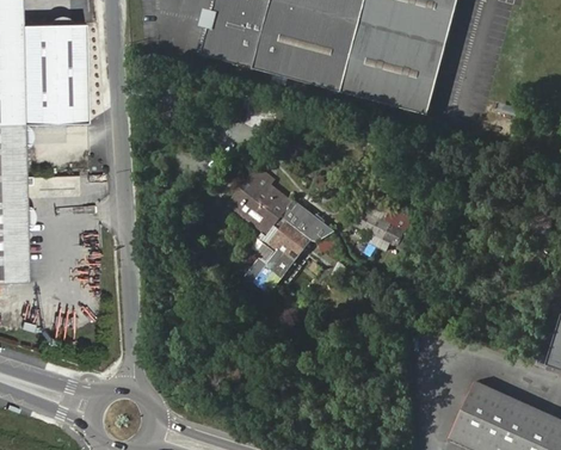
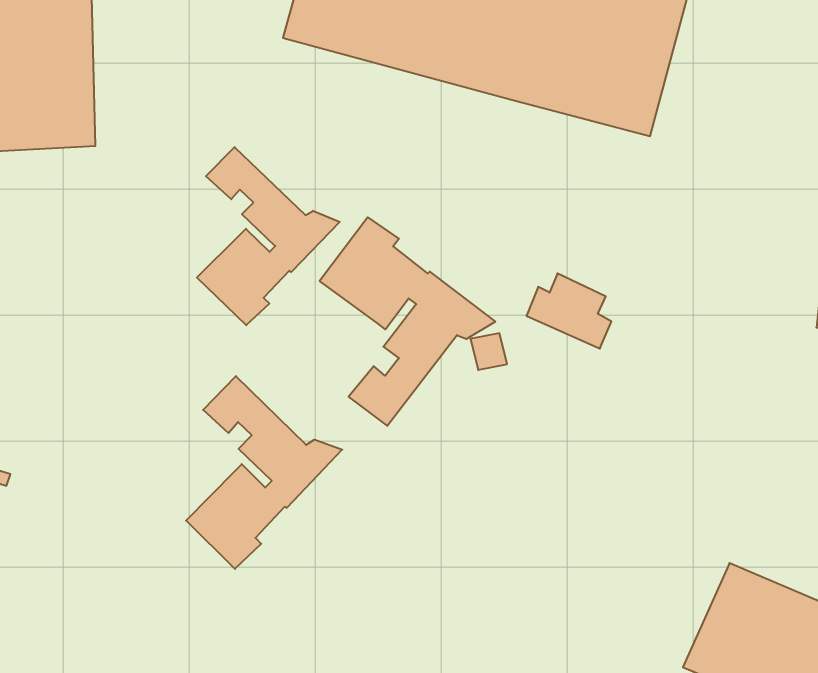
building: none -> [197,147,340,325]
building: [249,216,286,264] -> none
building: none -> [186,376,342,569]

